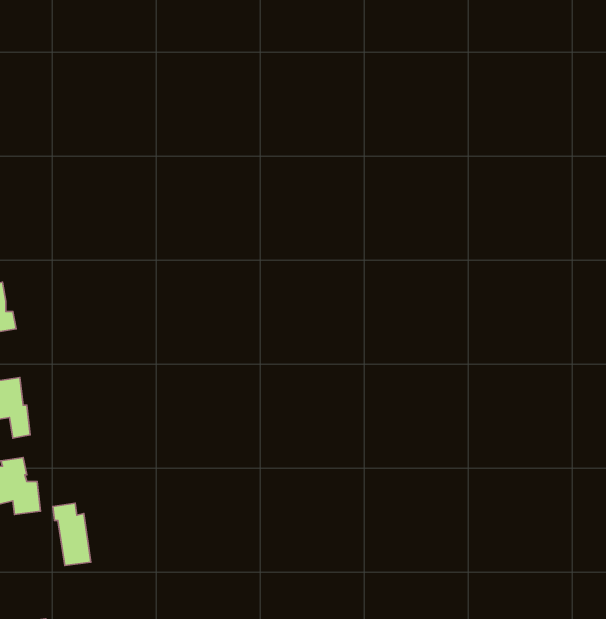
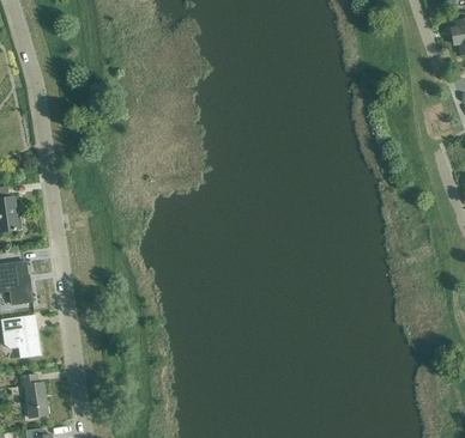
building: [53,503,91,566] -> [20,375,47,418]

